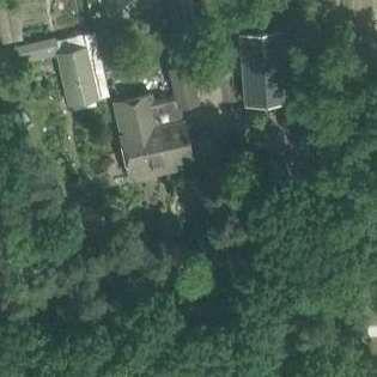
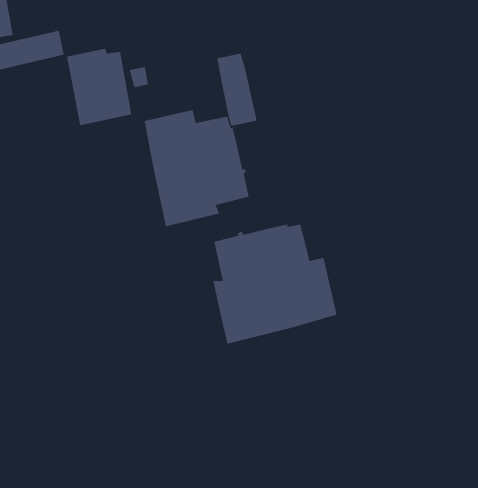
building: [242,30,286,102] -> none
building: none -> [213,224,337,345]

